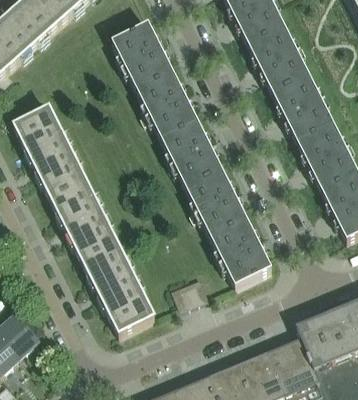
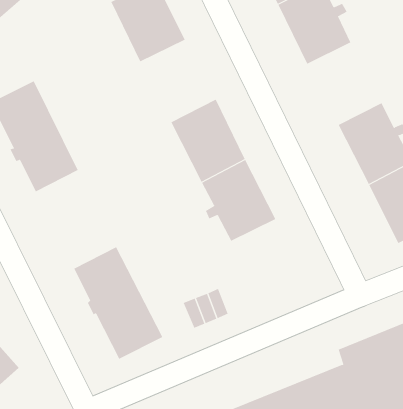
building: [137,73,199,140] -> none
building: [273,75,334,142] -> none
building: [52,179,118,259] -> none
building: [211,219,273,286] -> none

